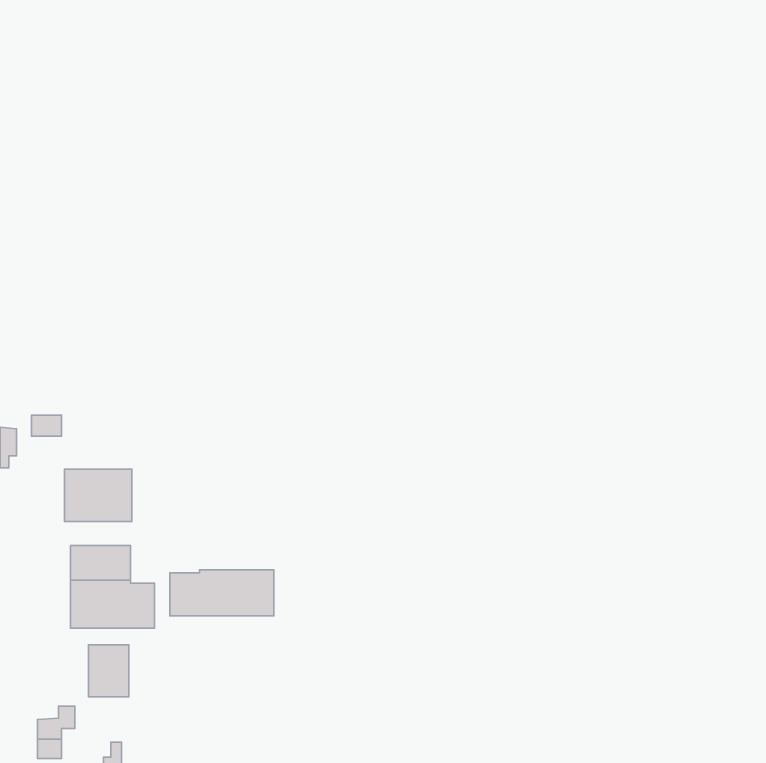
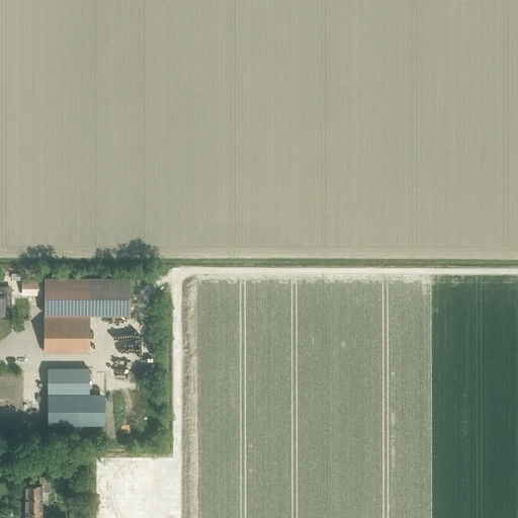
building: none -> [44,279,130,317]
building: [170,570,274,616] -> none
building: [88,645,129,697] -> none

